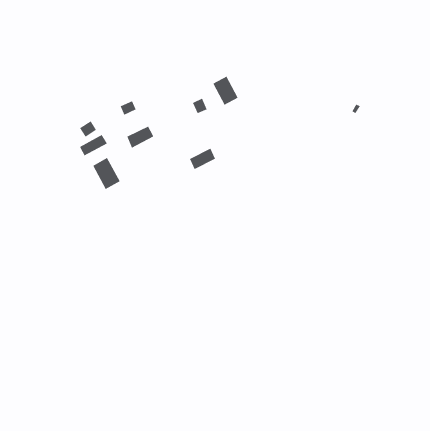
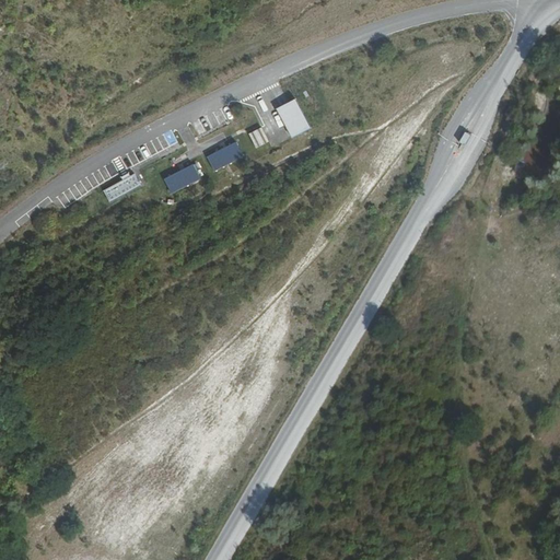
building: [189,148,216,170] -> [208,142,243,171]
building: [92,157,121,190] -> none

